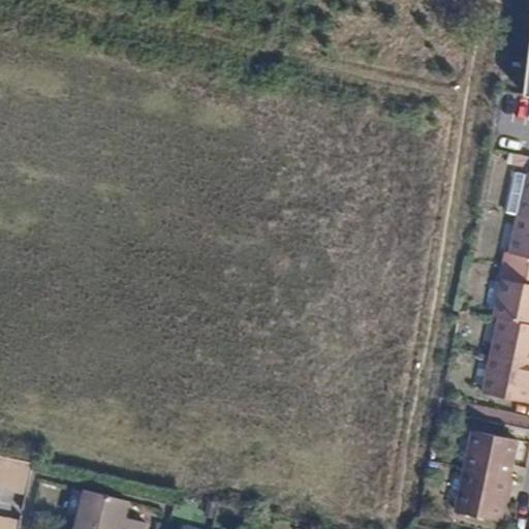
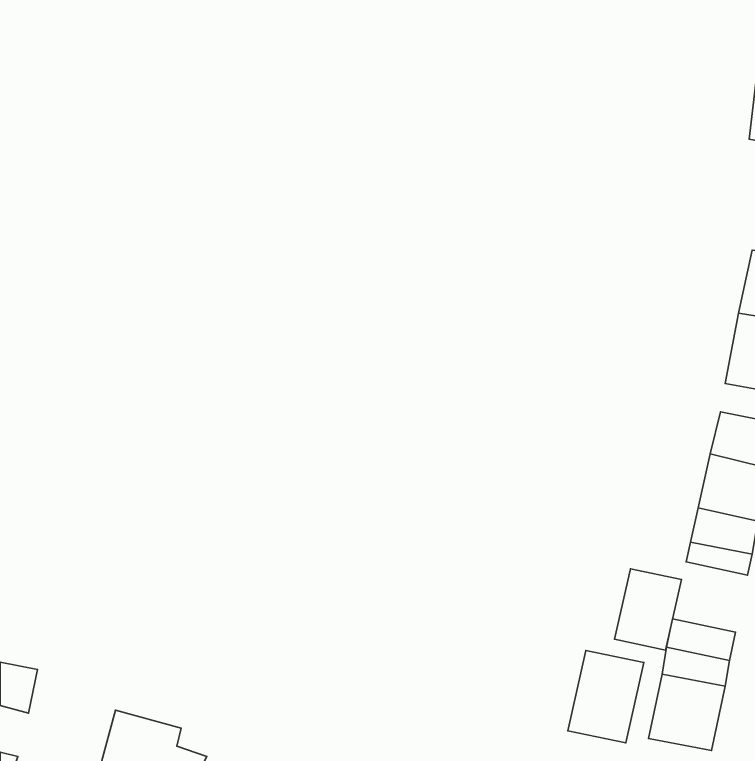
building: none -> [615,569,682,650]
building: none -> [568,651,644,743]

